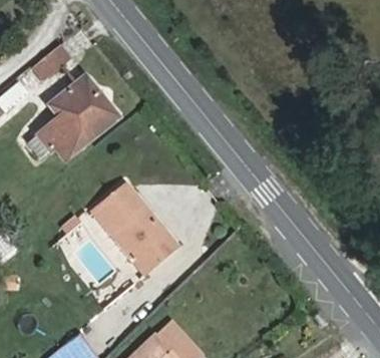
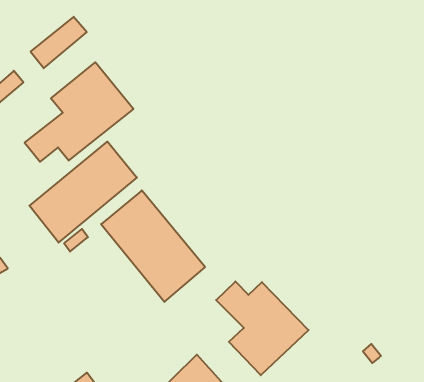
building: none -> [29,142,137,243]
building: none -> [216,281,309,375]

